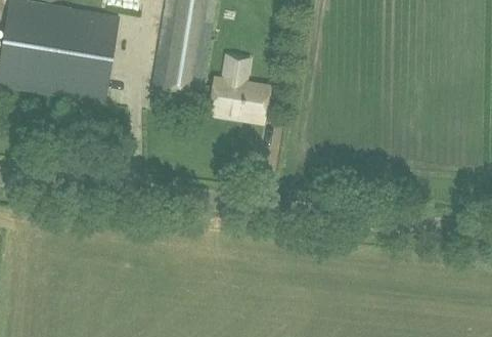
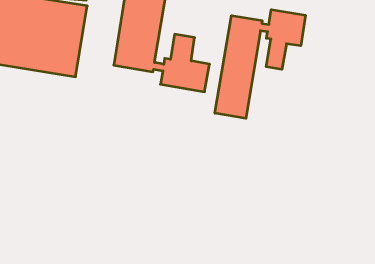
building: none -> [215,10,305,118]

